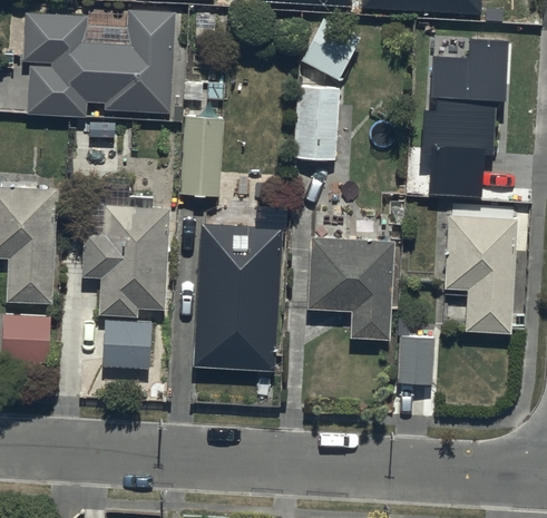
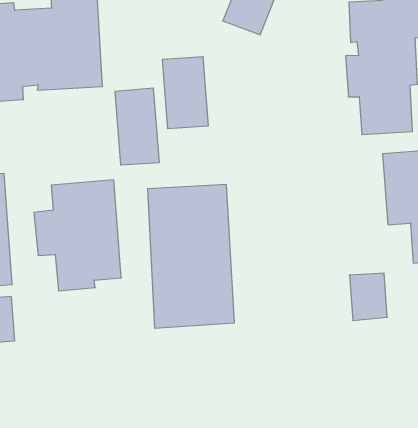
building: [292,86,338,159] -> [162,57,208,129]
building: [306,237,394,340] -> none
building: [100,321,152,368] -> none

